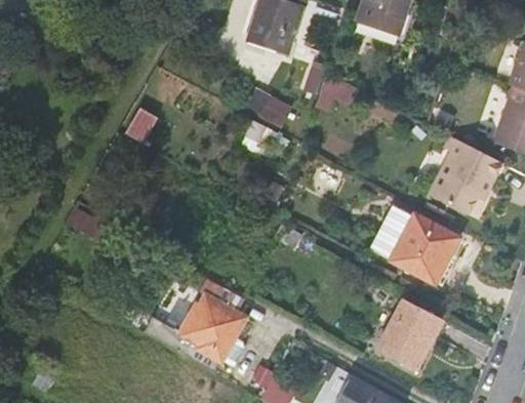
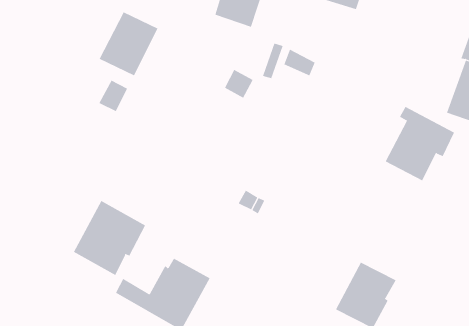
building: none -> [99,11,158,76]
building: [372,204,459,283] -> none
building: none -> [73,200,146,276]

